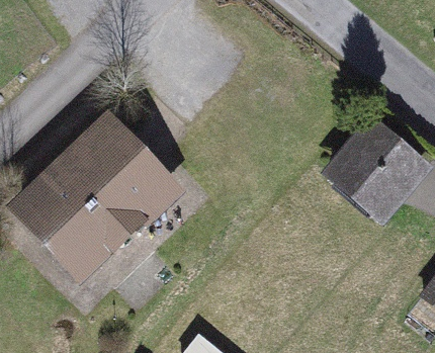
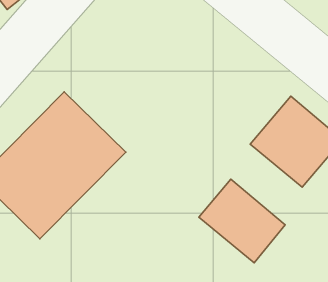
building: none -> [199,179,285,263]

